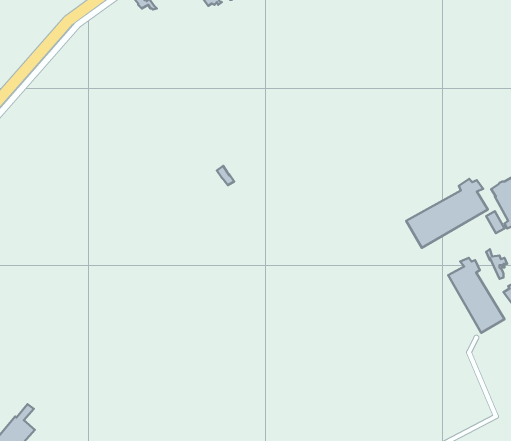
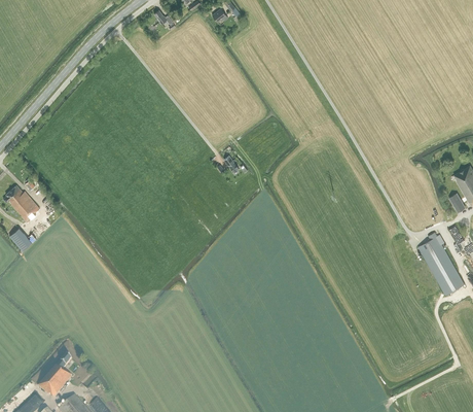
building: [406,179,488,248] -> none

